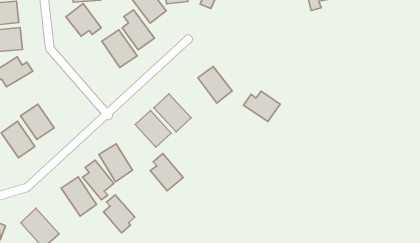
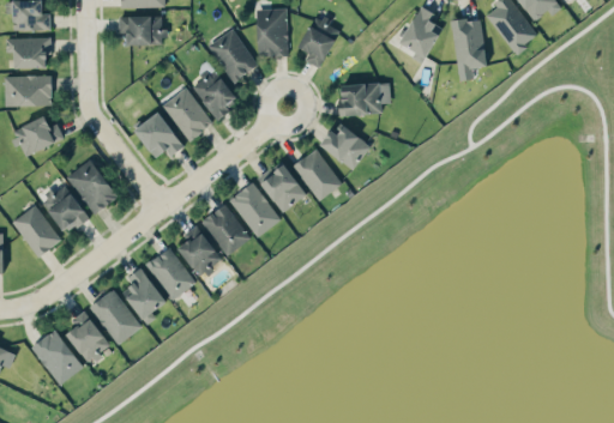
building: [66,4,101,36] -> [134,111,182,157]
building: none -> [339,81,390,115]
building: none -> [260,162,305,211]
building: none -> [66,158,119,213]
building: [243,91,280,121] -> [319,126,371,169]
building: [150,153,183,191] -> [177,224,223,277]
building: [104,195,135,233] -> [66,310,109,364]

